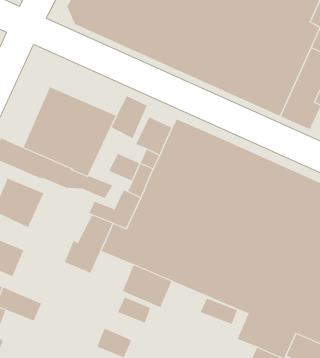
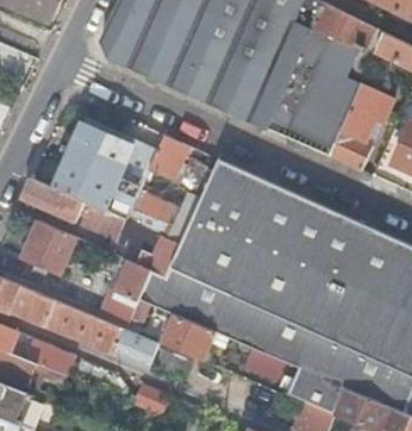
building: none -> [43,300,160,370]

